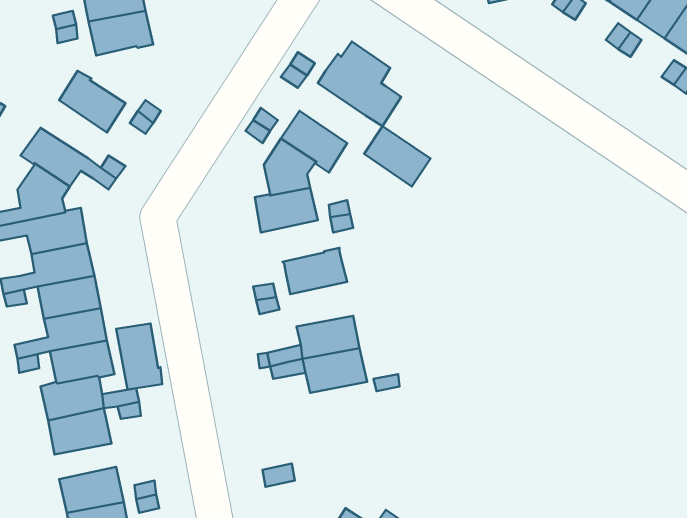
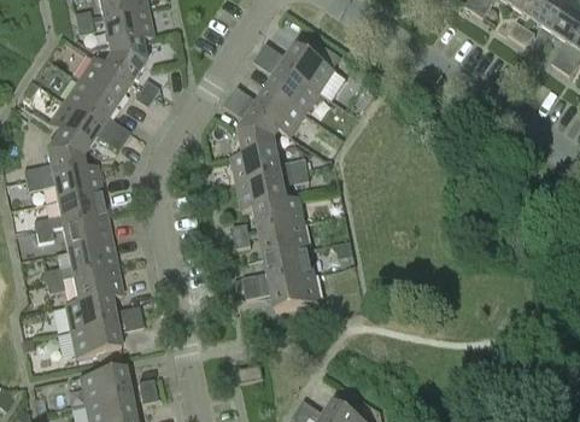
building: none -> [104,37,145,82]
building: none -> [65,80,117,125]
building: [364,126,430,186] -> [268,66,320,113]
building: none -> [238,174,287,210]
building: none -> [260,222,310,257]
building: [116,324,162,389] -> none

